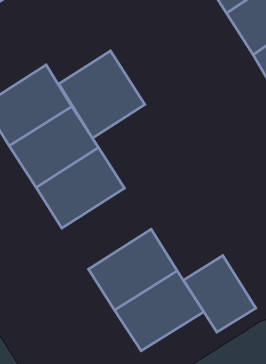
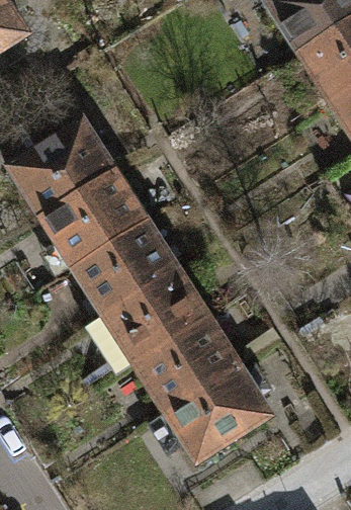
building: [59,51,145,138] -> none
building: none -> [99,264,207,362]
building: [184,256,256,332] -> none

